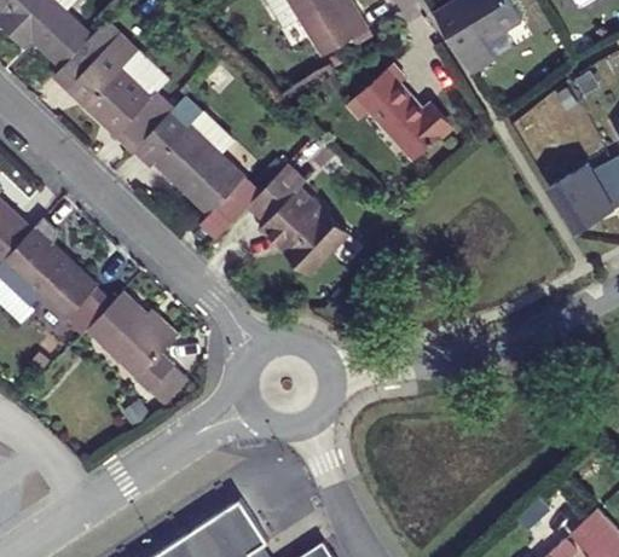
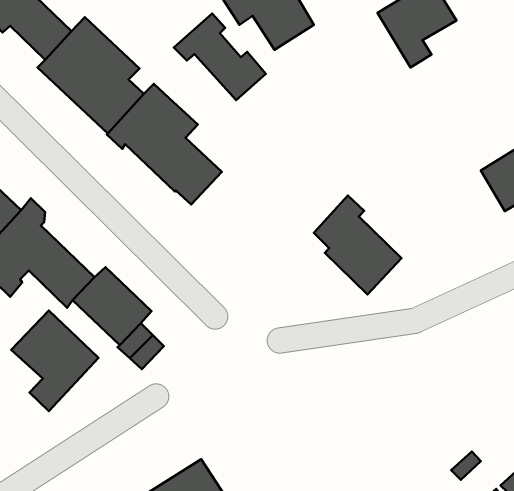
building: [341,70,442,166] -> [174,13,266,100]
building: [249,162,346,271] -> [314,196,402,294]
building: none -> [11,311,99,411]

